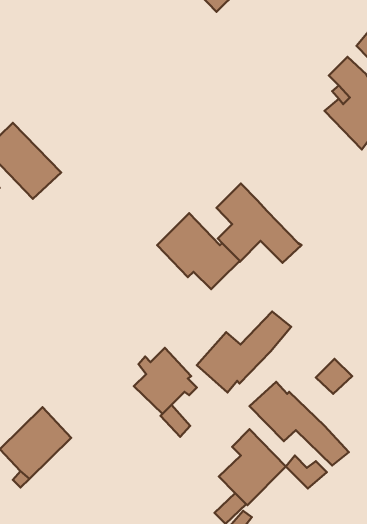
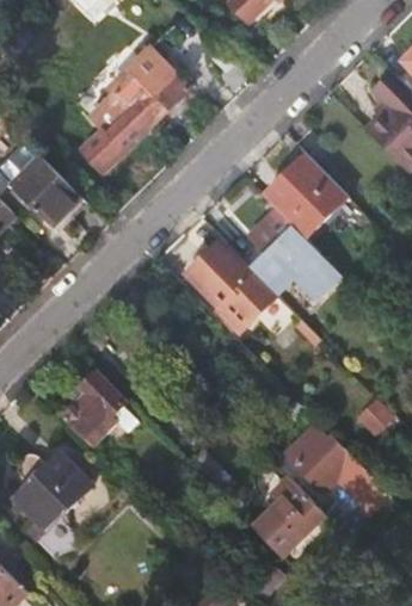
building: none -> [82,47,189,172]
building: none -> [260,154,348,240]
building: [197,312,291,392] -> none
building: [134,348,197,414] -> [61,372,129,444]

